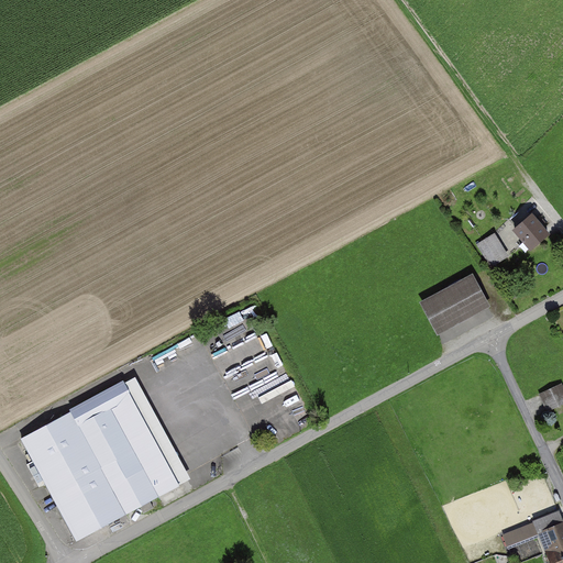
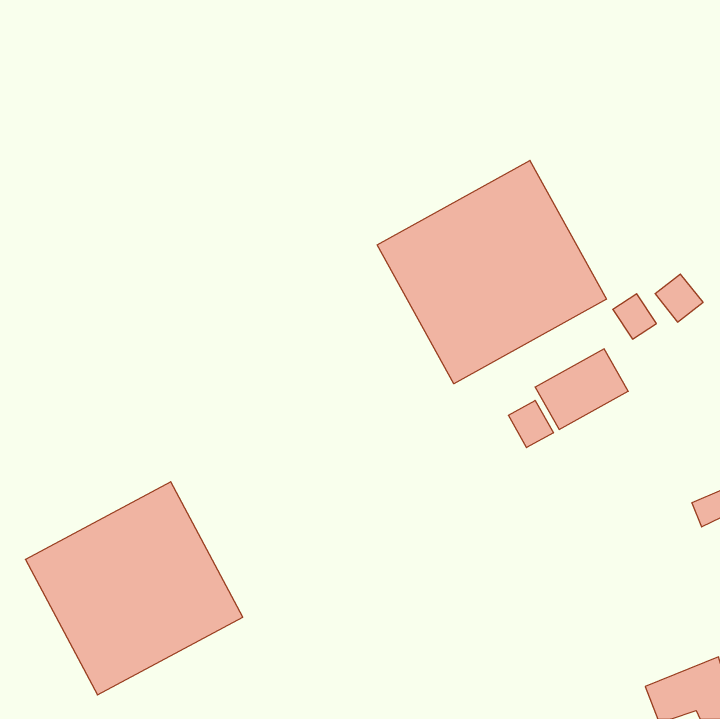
building: none -> [377,160,606,384]
building: none -> [508,400,553,448]

